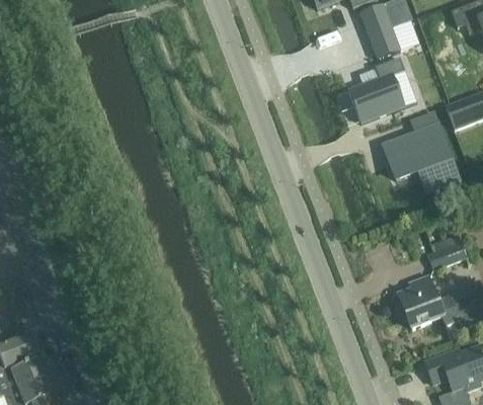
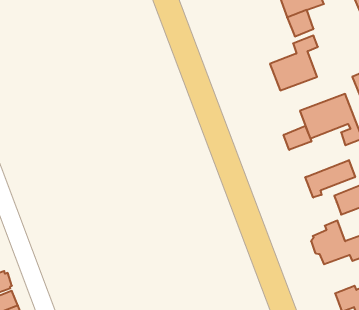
building: none -> [284,126,311,150]
building: none -> [305,160,355,198]

